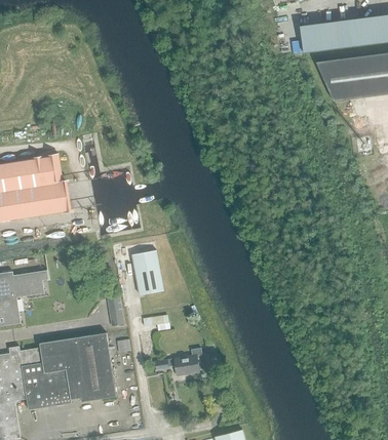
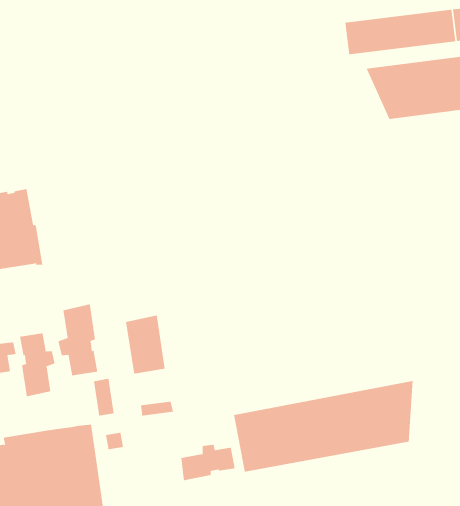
building: none -> [58,304,98,376]
building: none -> [19,333,55,397]
building: none -> [233,380,413,473]

